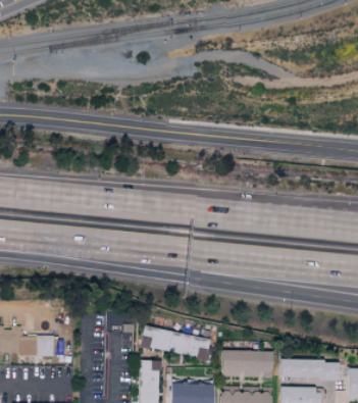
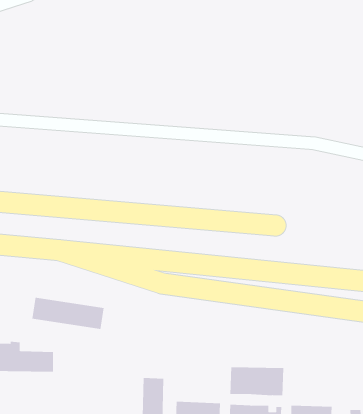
building: [141,328,210,358] -> [32,297,104,329]
building: [280,360,340,380] -> none

